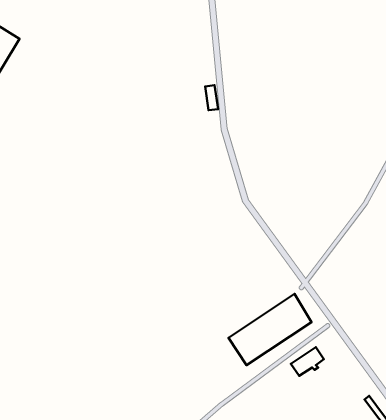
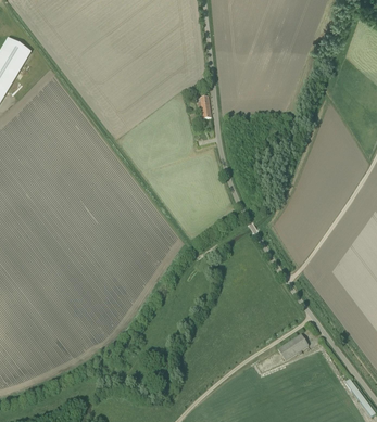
building: [228,294,312,365] -> none

